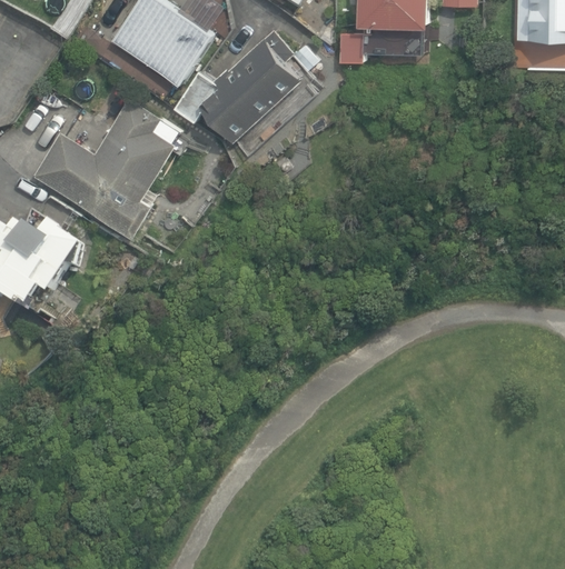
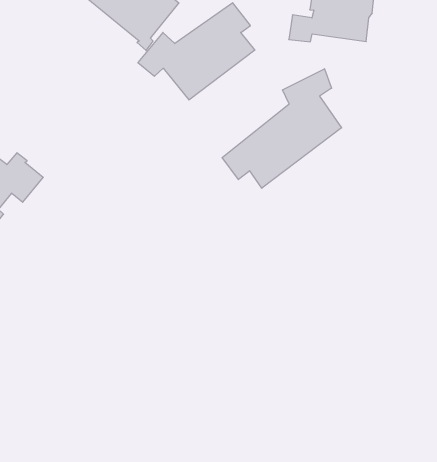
building: none -> [222,69,342,188]
building: [33,98,177,237] -> none

